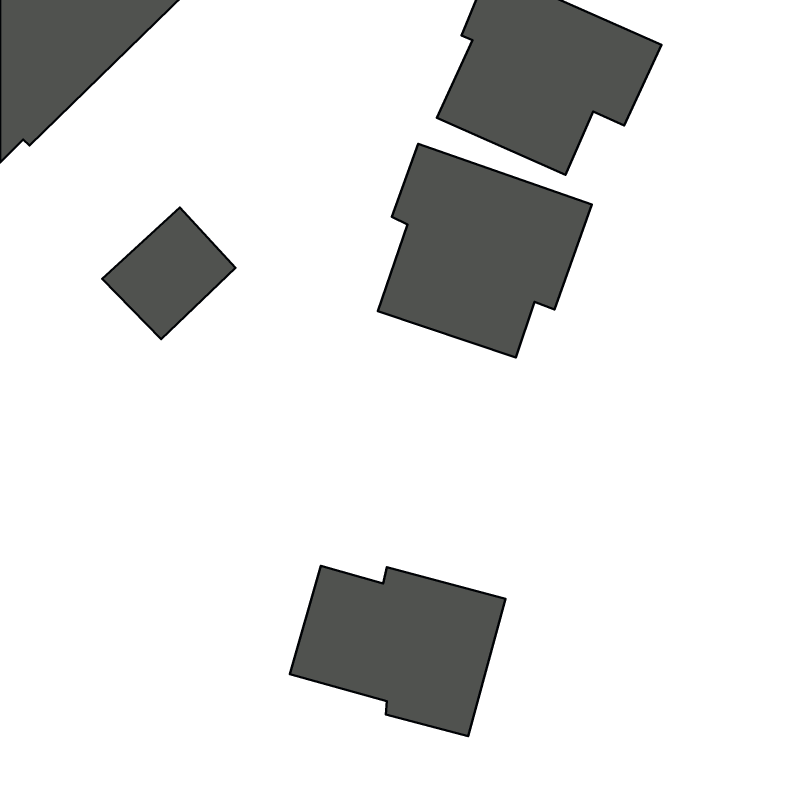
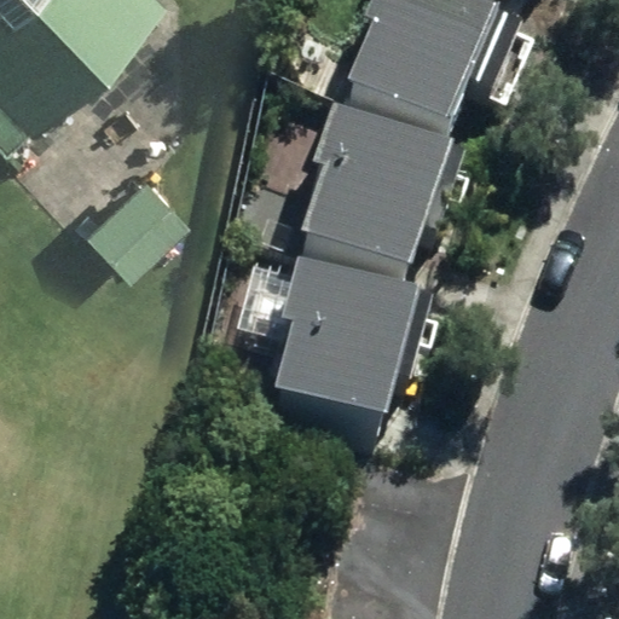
building: none -> [271,268,430,432]
building: [290,566,505,736] -> none

